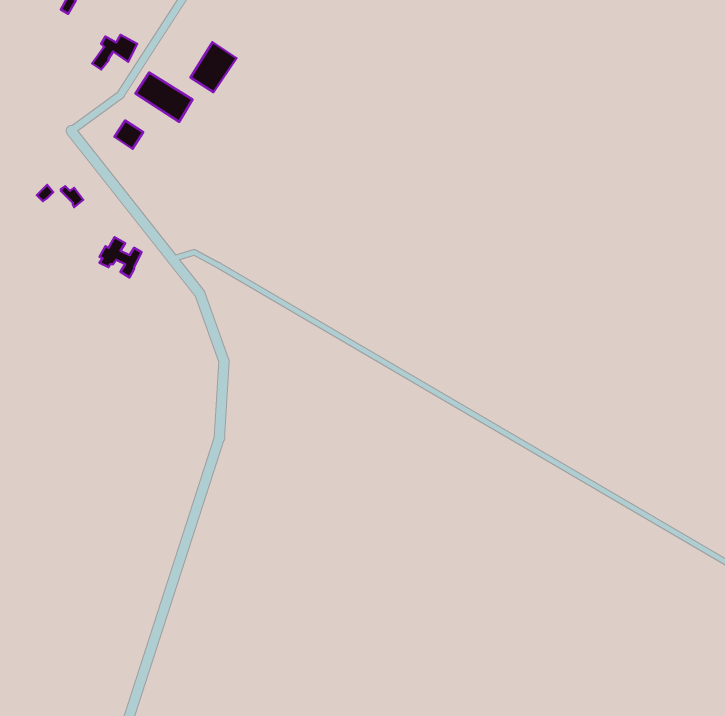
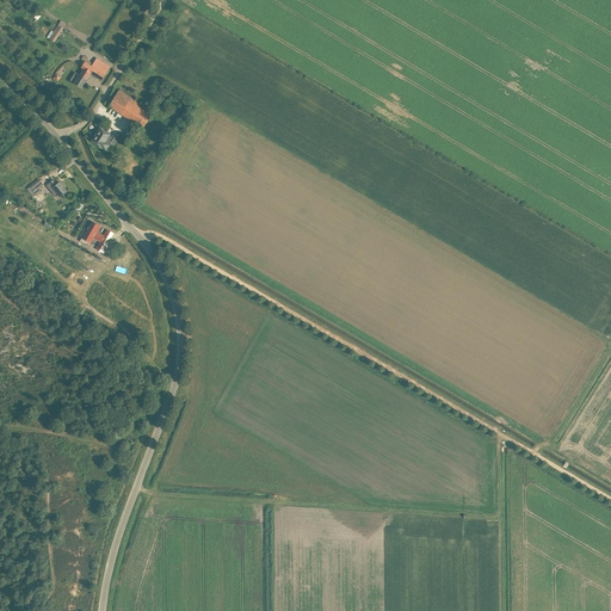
building: [190,42,236,92] -> none

